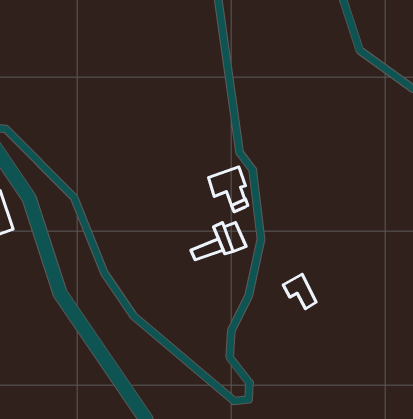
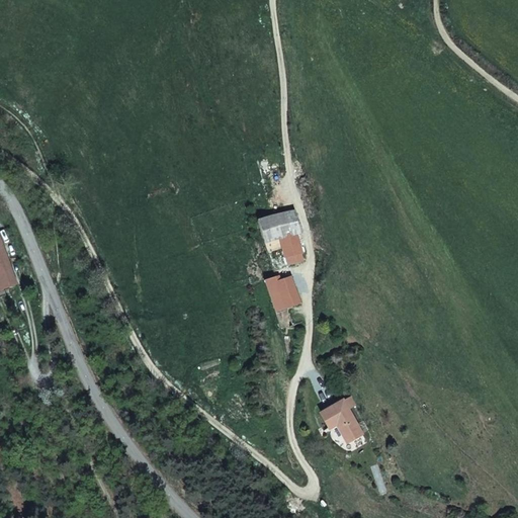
building: [191,239,223,260] -> none
building: [283,274,316,309] -> [320,399,360,441]

